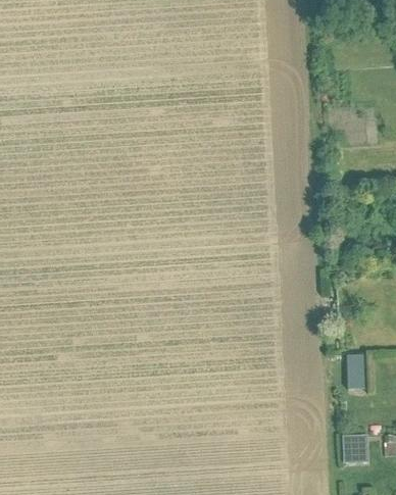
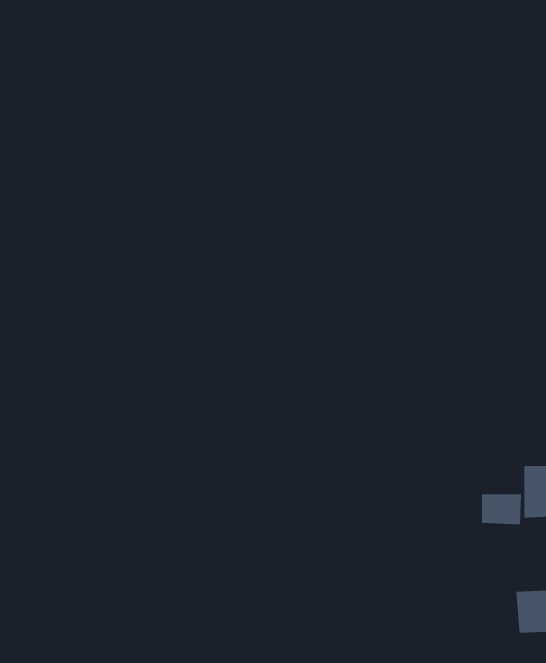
building: none -> [481,493,522,525]

